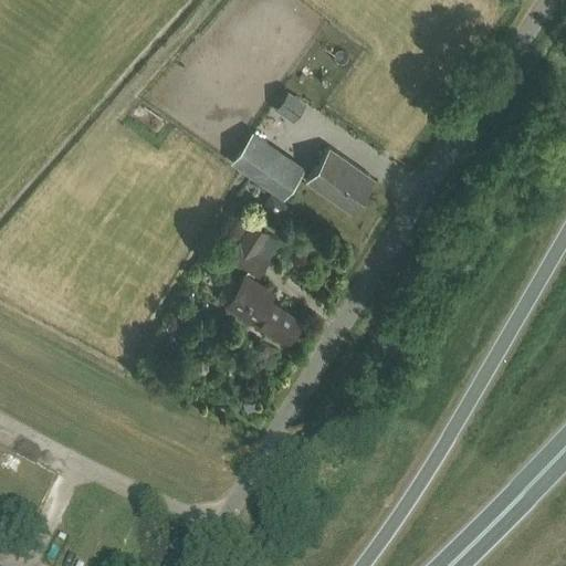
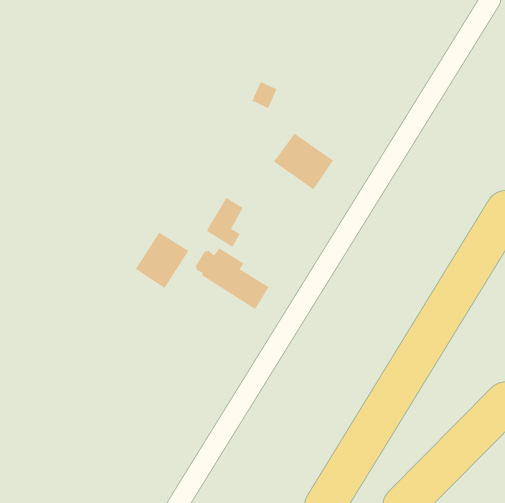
building: [237,135,312,203] -> none
building: none -> [135,232,189,289]

